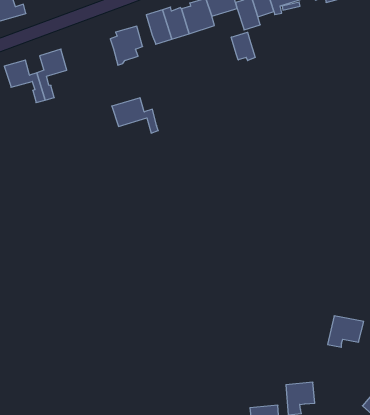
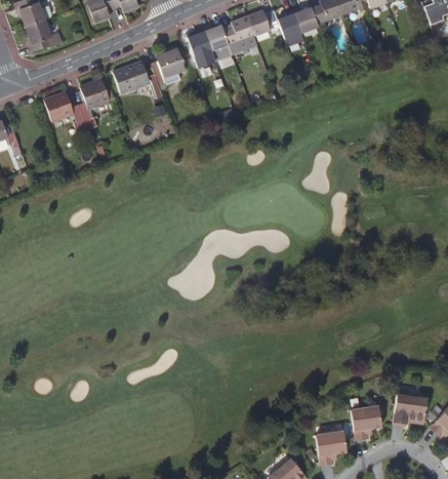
building: [231,32,255,61] -> none
building: [112,98,158,133] -> [114,62,163,97]
building: [328,316,364,347] -> [393,394,429,426]

